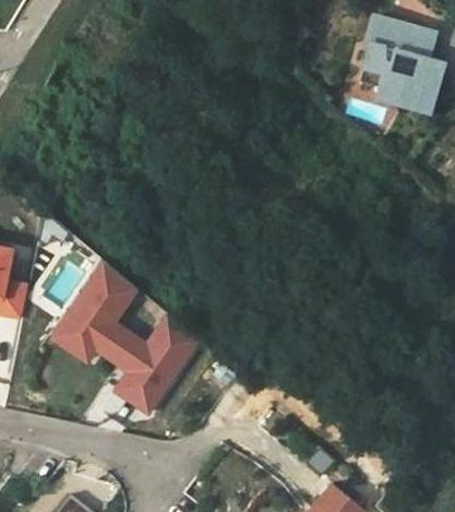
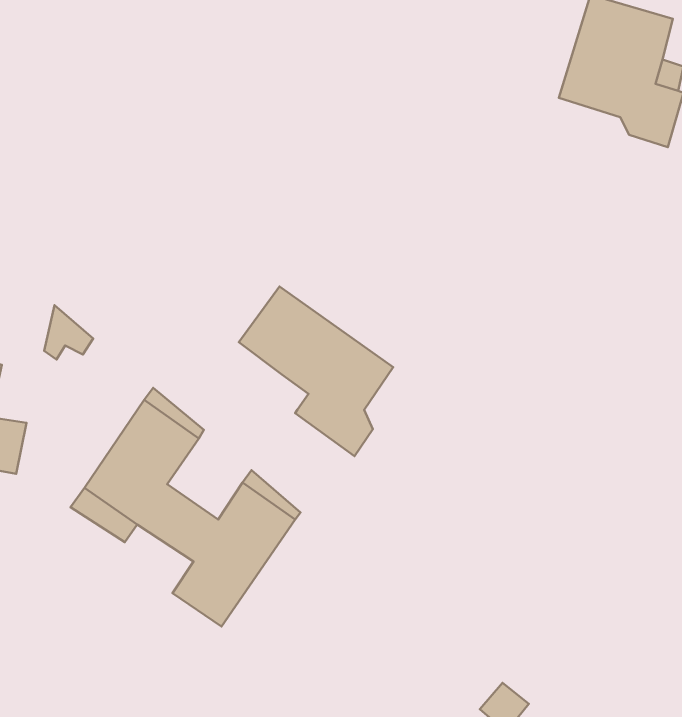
building: none -> [239,287,393,456]

